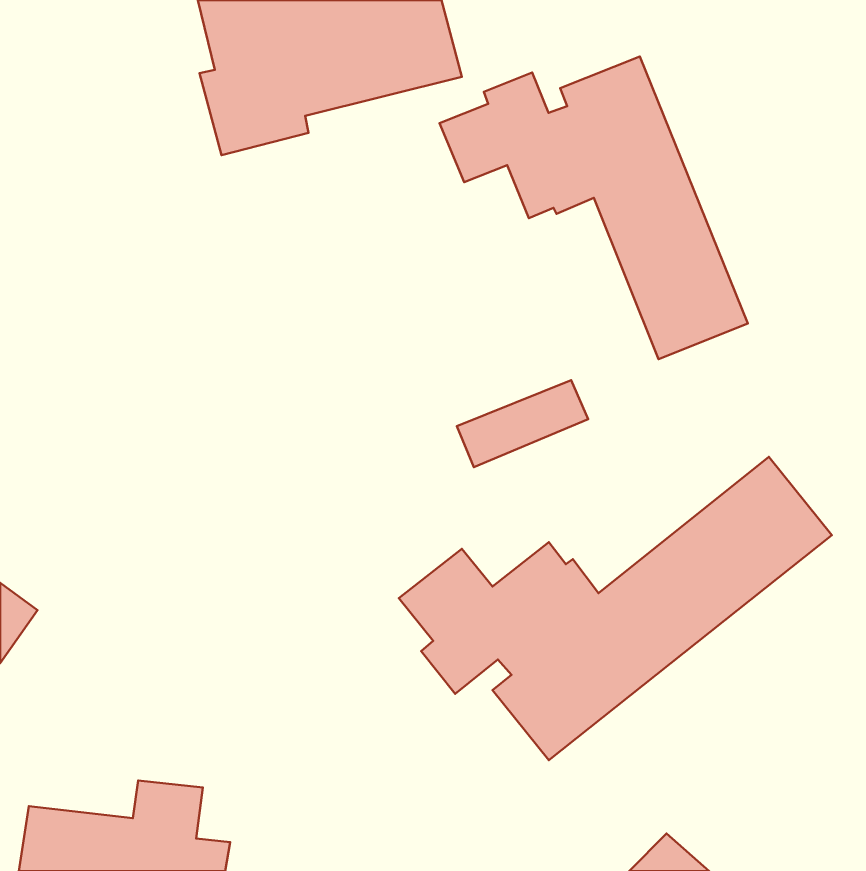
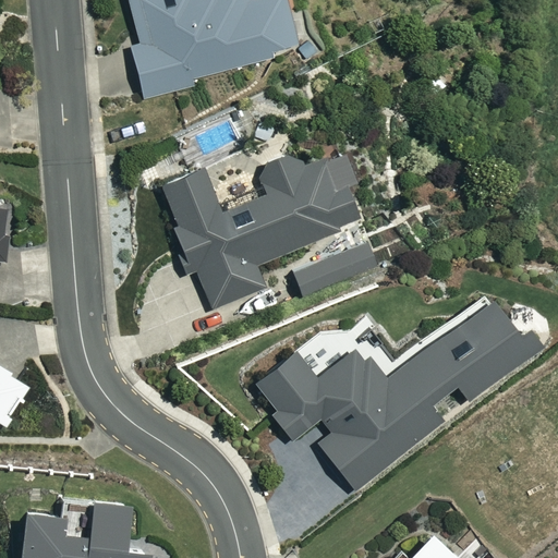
building: [440,56,748,359] -> none
building: none -> [161,151,367,307]

